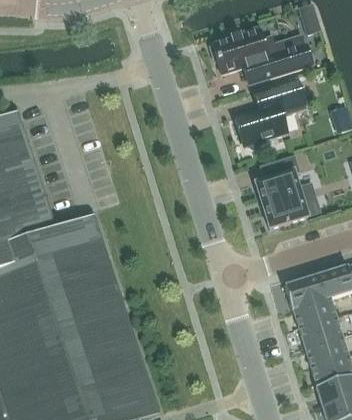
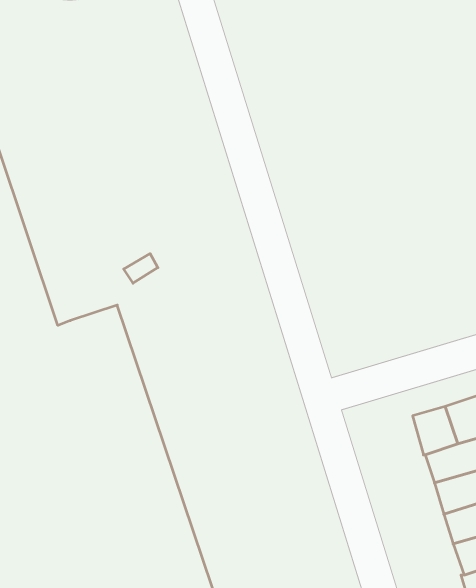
building: [209,27,312,84] -> none
building: [234,79,306,149] -> none
building: [255,155,317,228] -> none

